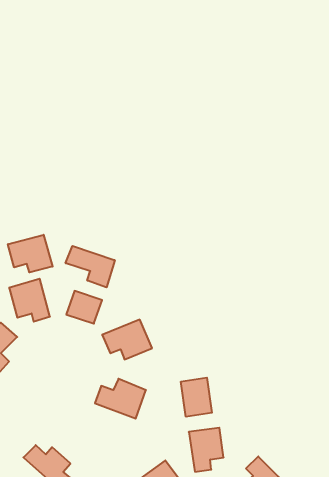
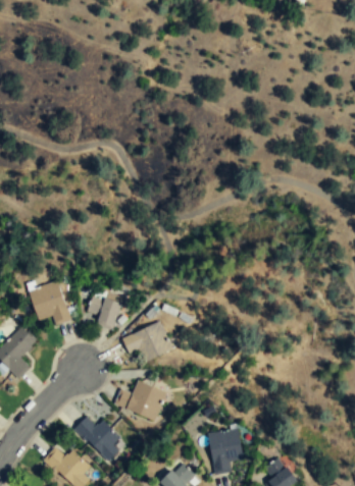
building: [8,235,53,272] -> none
building: [66,246,115,287] -> none
building: [181,378,212,417] -> none
building: none -> [74,417,123,460]

